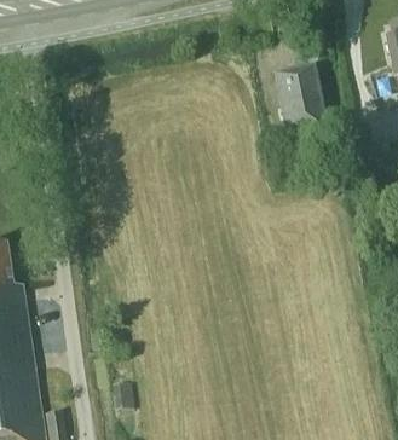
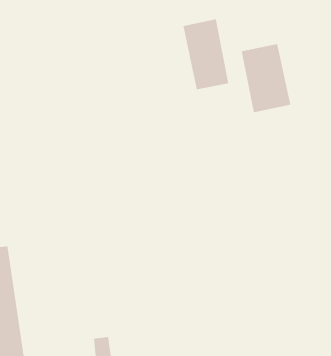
building: none -> [183,19,229,90]

